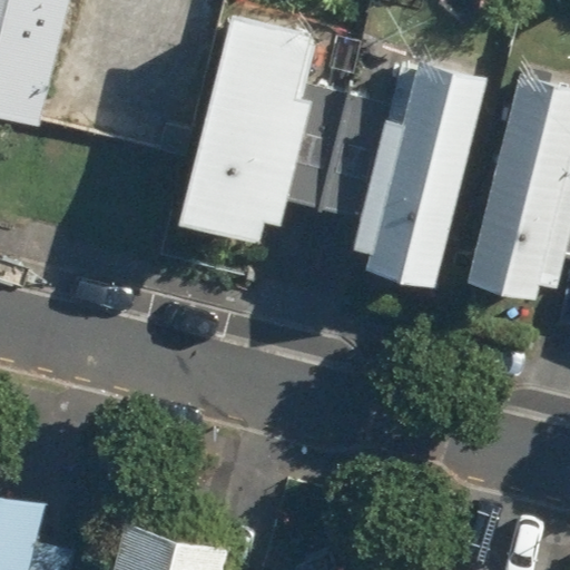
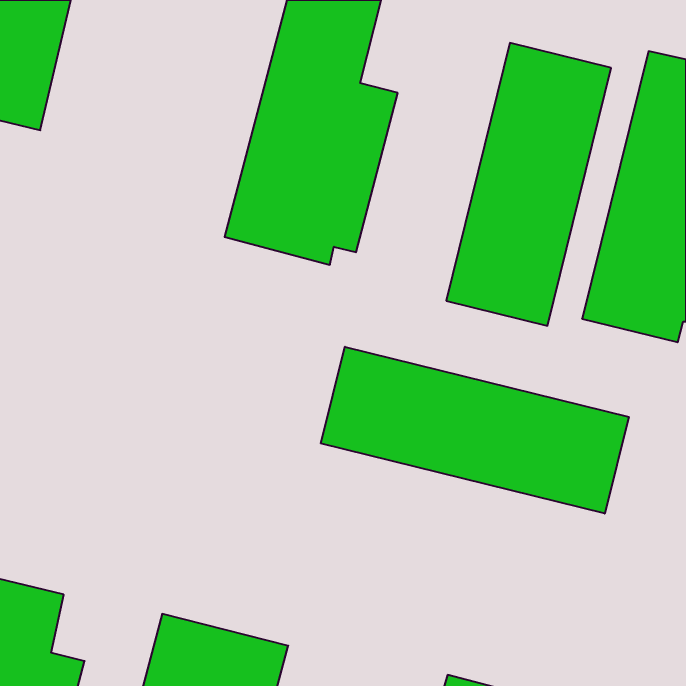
building: none -> [321,347,629,514]

